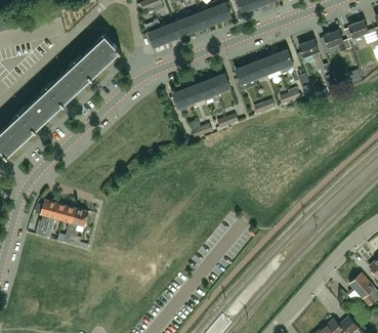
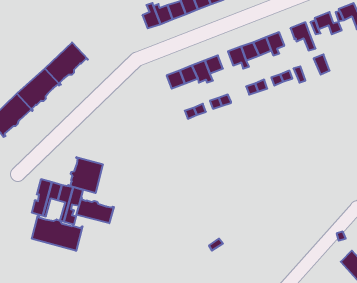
building: [77,33,122,78] -> none
building: none -> [68,157,103,193]
building: none -> [76,197,114,223]
building: none -> [32,215,83,251]

